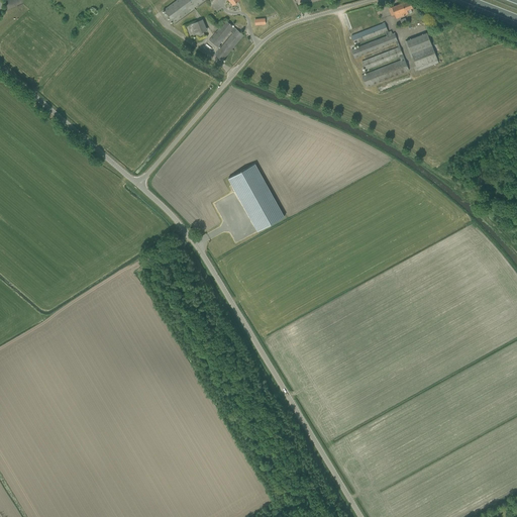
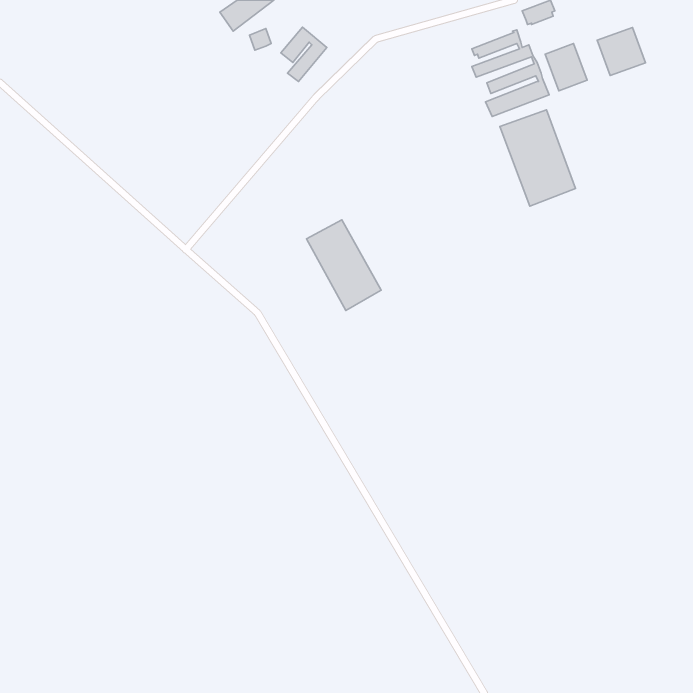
building: none -> [597,27,646,76]
building: none -> [500,110,576,206]

